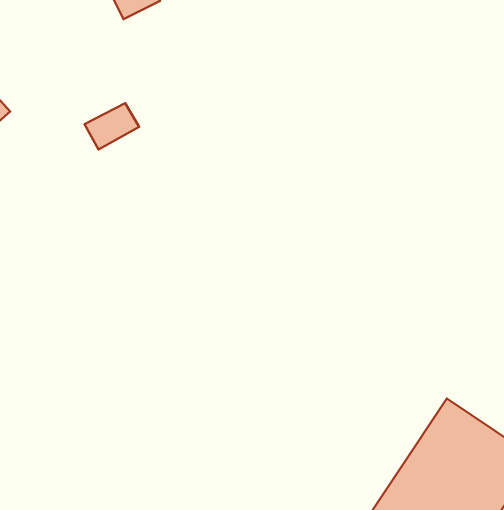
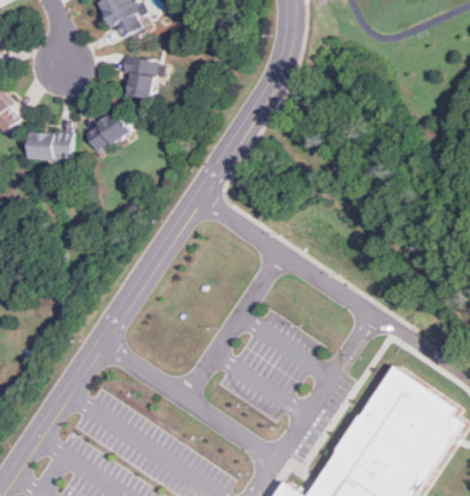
building: none -> [120,57,162,98]
building: none -> [25,132,69,159]

